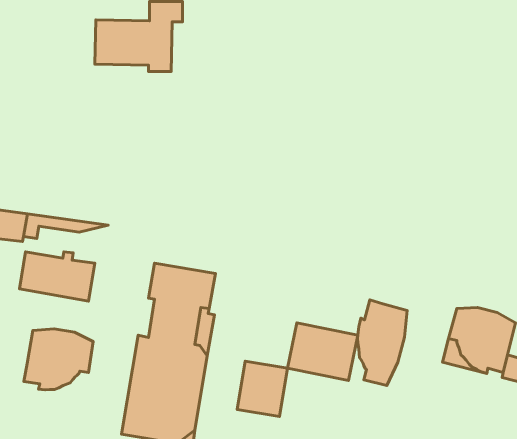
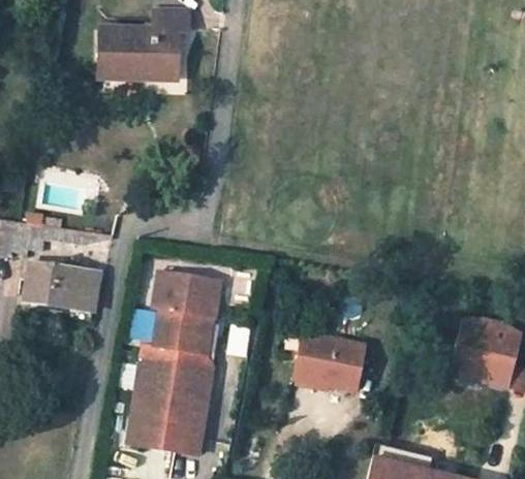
building: [357,300,407,386] -> none
building: [24,329,93,390] -> none
building: [237,361,288,417] -> none

